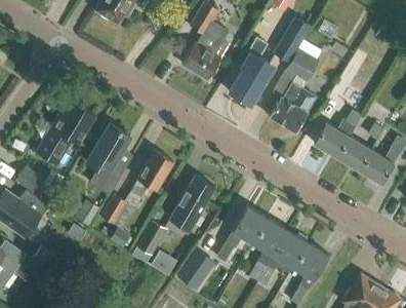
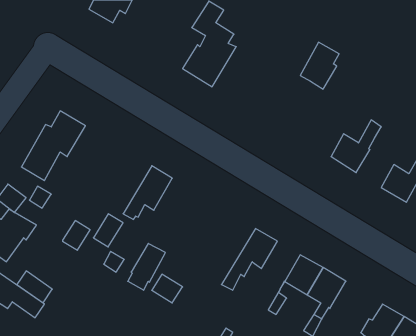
building: [272,16,311,64] -> none
building: [229,36,273,106] -> none
building: [270,75,316,131] -> none
building: [337,123,383,170] -> none
building: [86,124,130,195] -> none
building: [169,176,214,227] -> none
building: [249,219,287,280] -> none
building: [176,249,214,291] -> none

